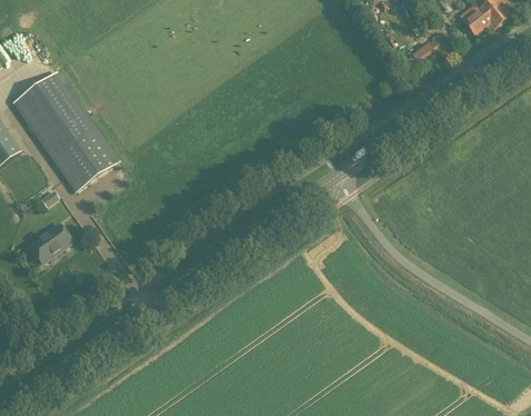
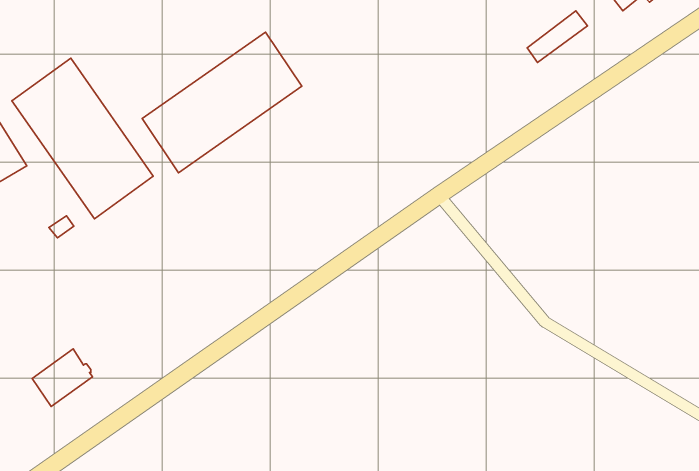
building: none -> [142,32,302,173]
building: [27,221,72,265] -> [32,349,92,406]

